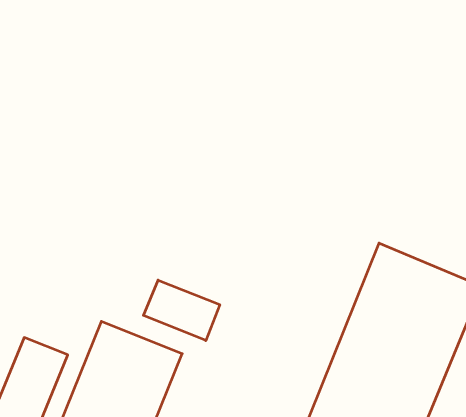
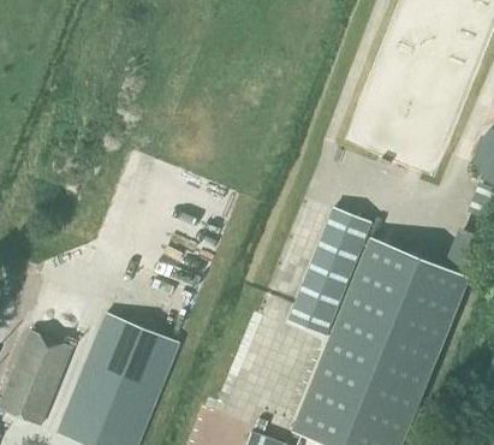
building: none -> [288,207,370,336]
building: [143,280,220,341] -> none

